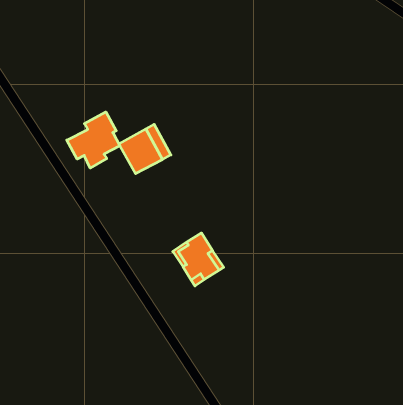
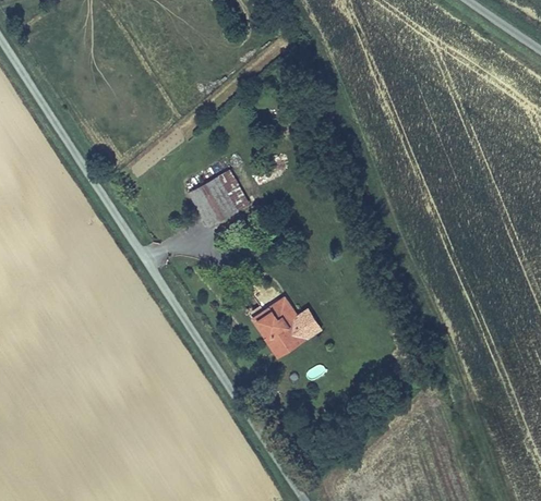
building: [67,112,120,168] -> none

